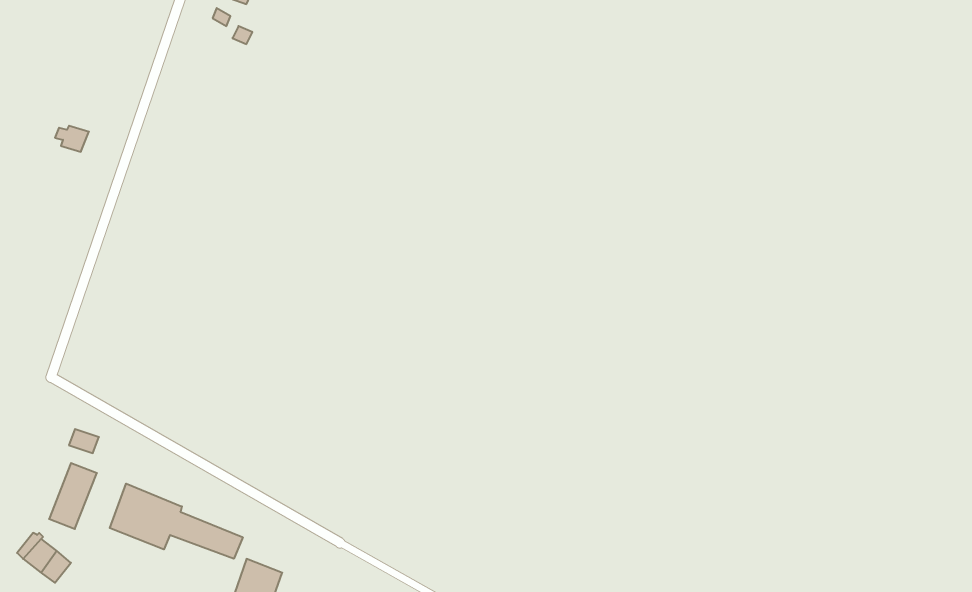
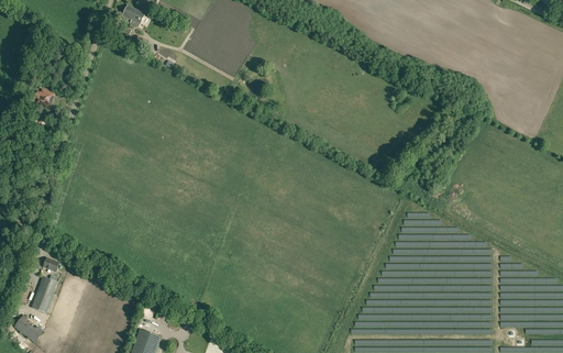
building: [110,484,243,559] -> none

